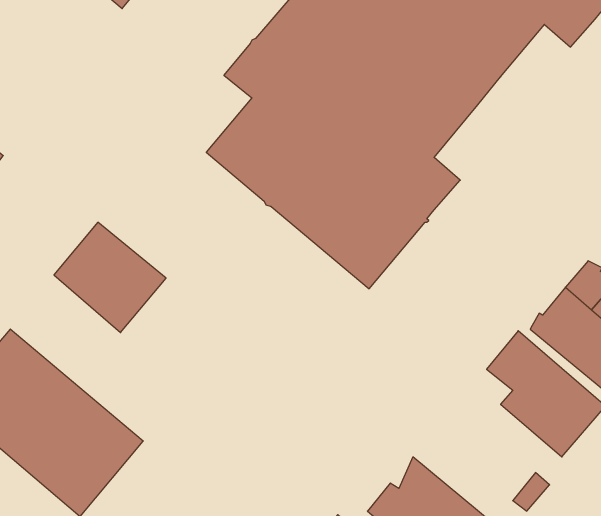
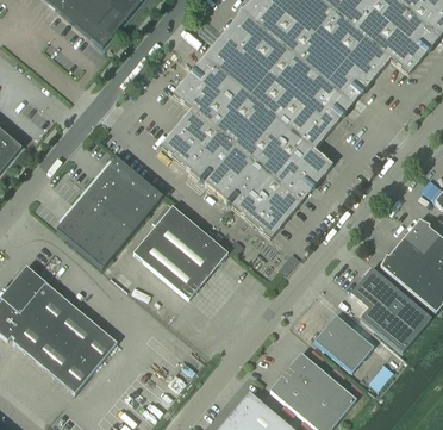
building: none -> [86,156,162,230]
building: none -> [132,205,227,298]
building: none -> [313,313,373,370]

